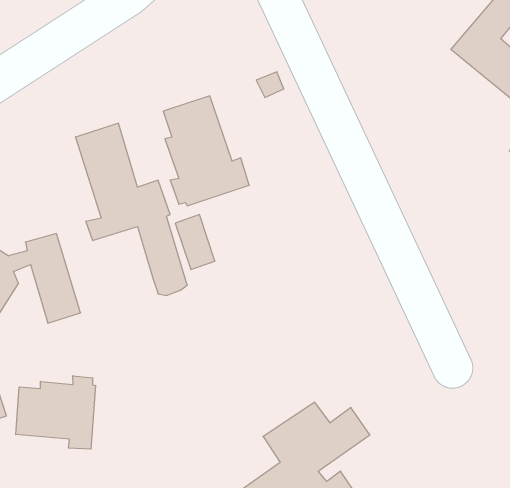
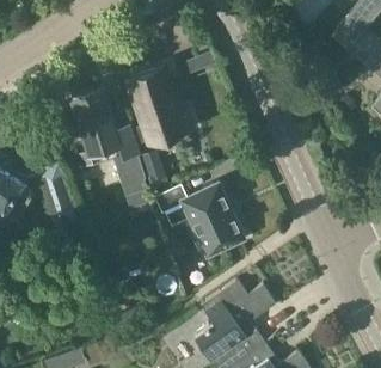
building: none -> [154,183,246,257]
building: [16,376,95,449] -> none

